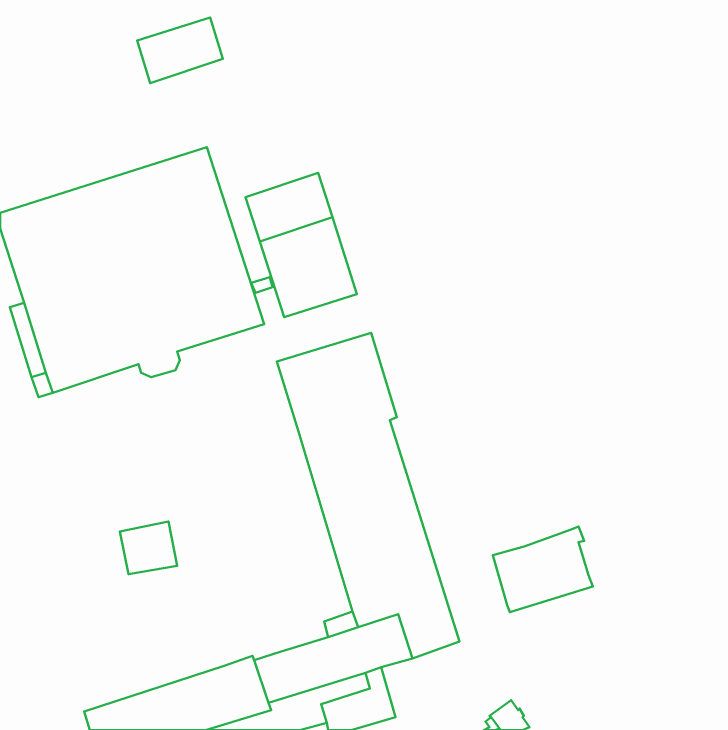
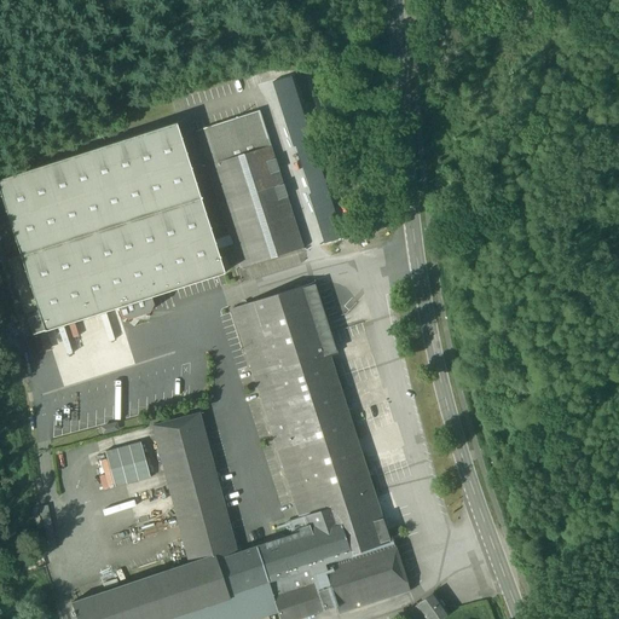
building: [137,18,223,83] -> [198,111,271,167]
building: none -> [273,76,343,244]
building: none -> [151,412,239,563]
building: [493,527,593,612] -> [324,540,409,613]

